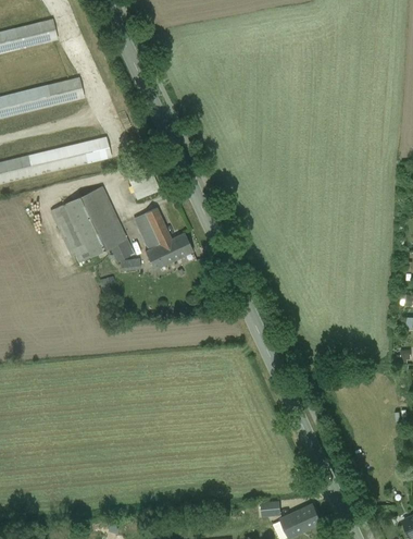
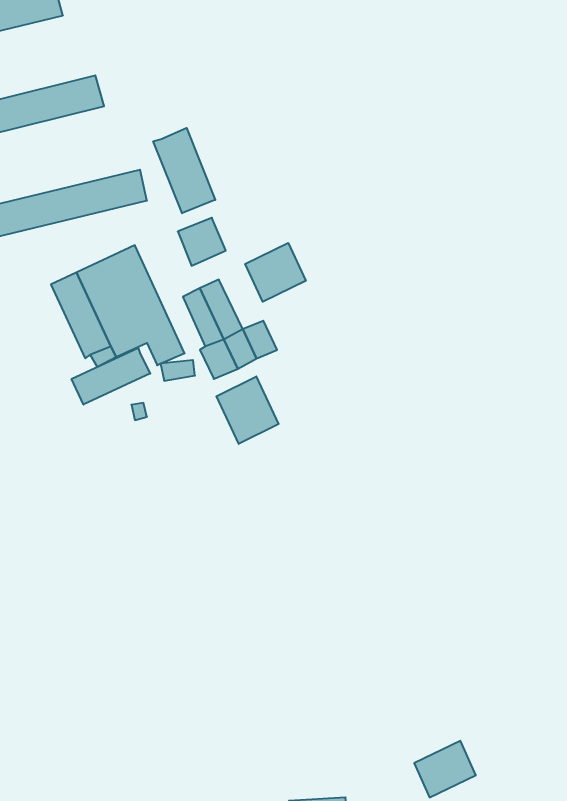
building: none -> [153,128,215,213]
building: none -> [245,243,306,302]
building: none -> [72,348,150,405]
building: none -> [216,376,279,444]

